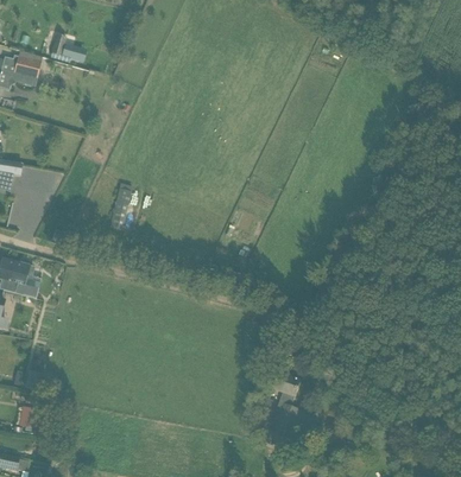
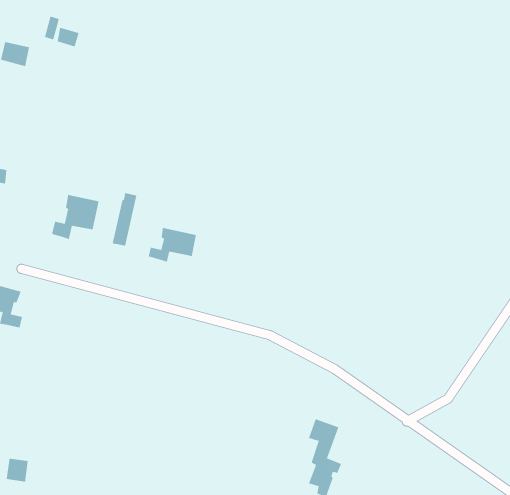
building: none -> [52,194,99,240]
building: none -> [148,227,196,263]

